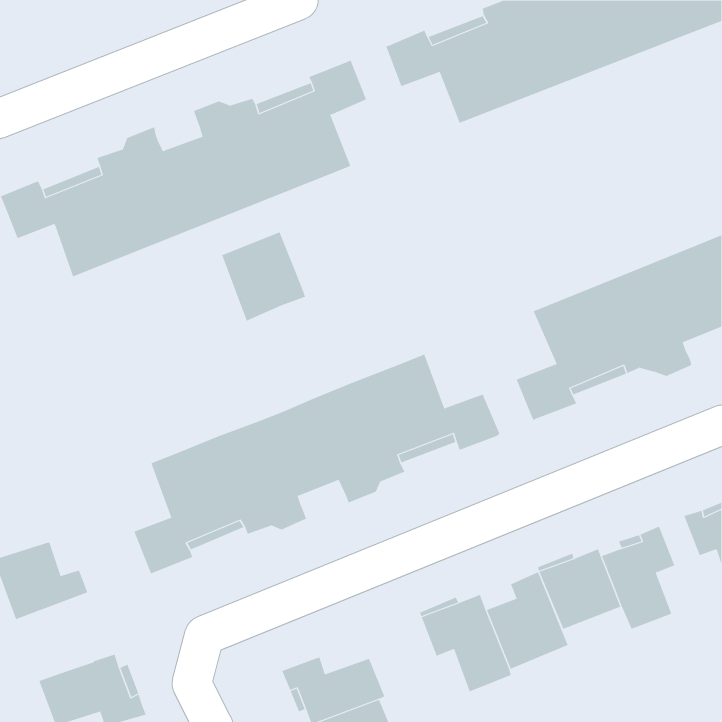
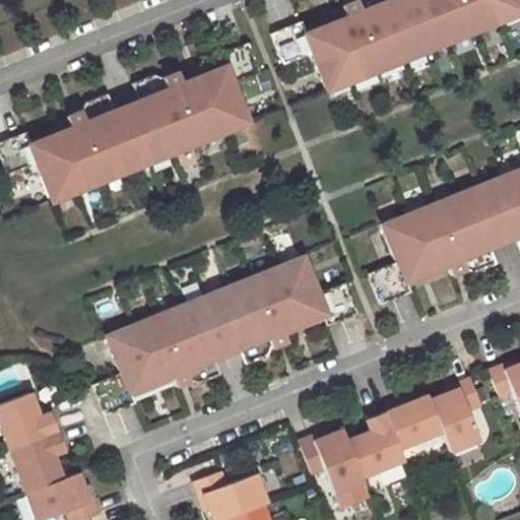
building: [221,232,306,321] -> none
building: none -> [11,427,69,490]

